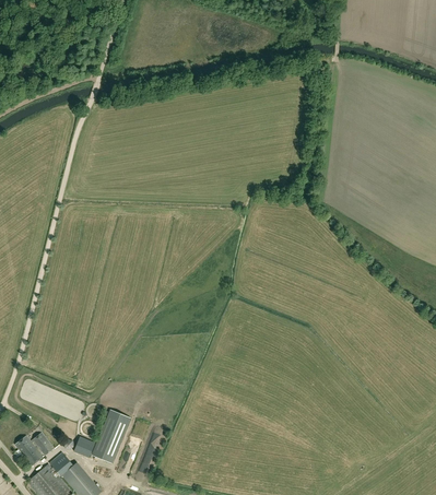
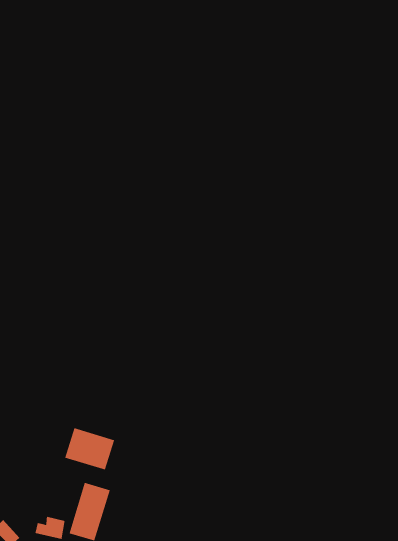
building: none -> [64,427,115,471]

